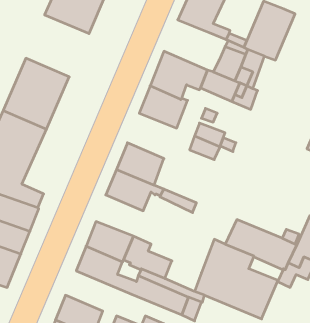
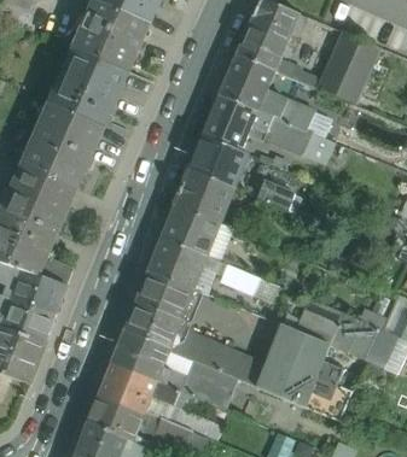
building: none -> [51,47,128,123]
building: none -> [220,53,287,117]
building: none -> [175,168,236,223]
building: none -> [136,268,194,318]
building: none -> [221,348,266,386]
building: none -> [99,361,180,410]

